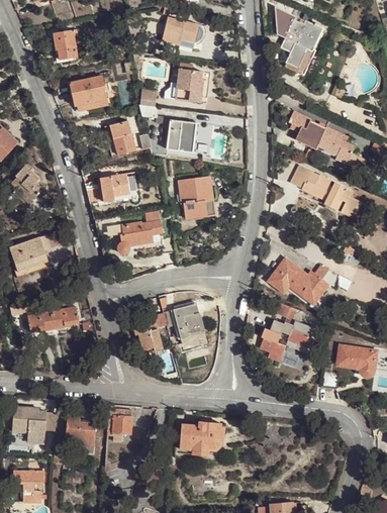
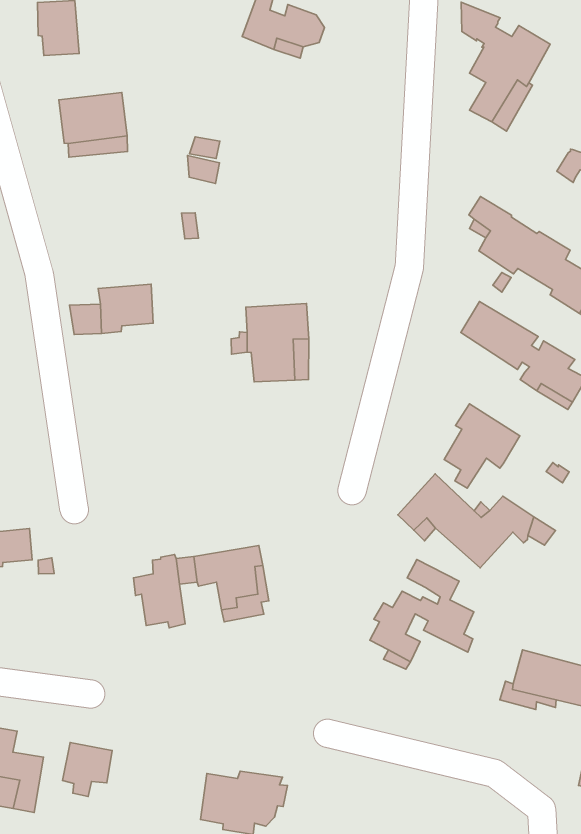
building: [175,62,203,100] -> none
building: [167,118,196,151] -> none
building: [109,120,135,155] -> none
building: [117,209,164,252] -> none
building: none -> [444,404,520,488]

